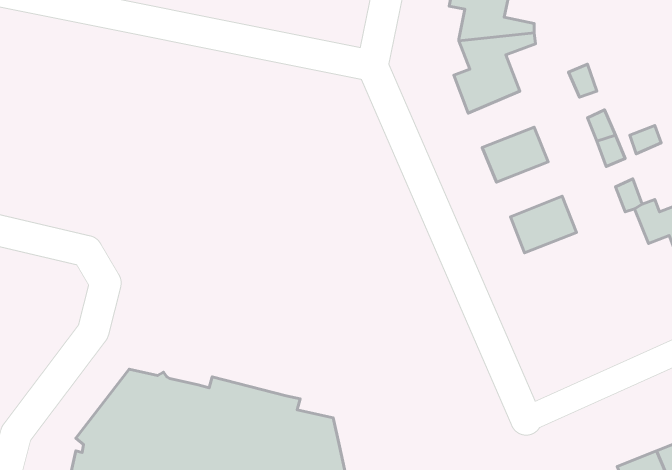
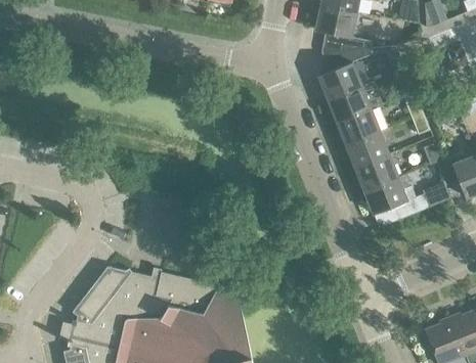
building: none -> [328,85,371,122]
building: none -> [346,131,389,167]
building: none -> [364,177,433,220]

